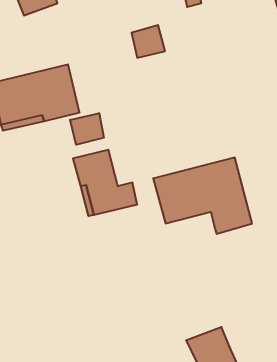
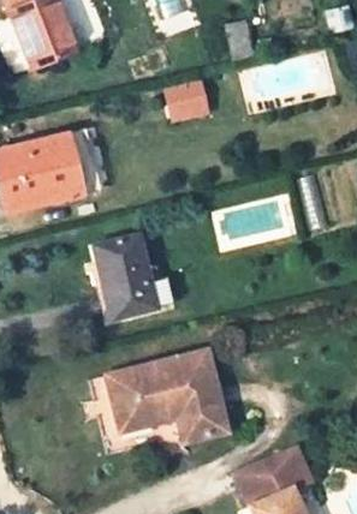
building: [70,113,104,145] -> none
building: [153,157,252,234] -> [107,346,231,442]

